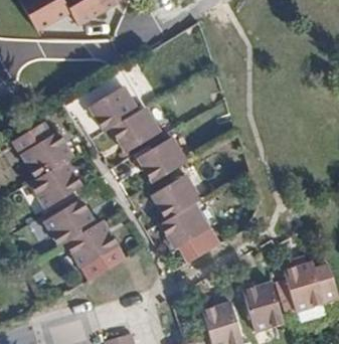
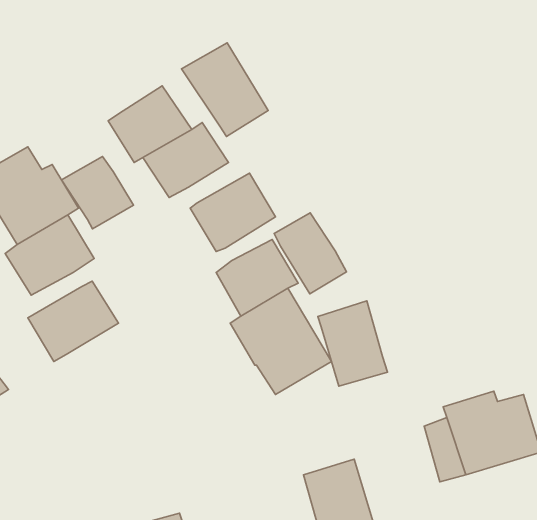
building: none -> [181,43,268,137]
building: none -> [62,156,134,229]
building: none -> [274,213,347,294]
building: [65,220,118,267] -> none
building: [243,282,284,331] -> [318,301,388,386]

